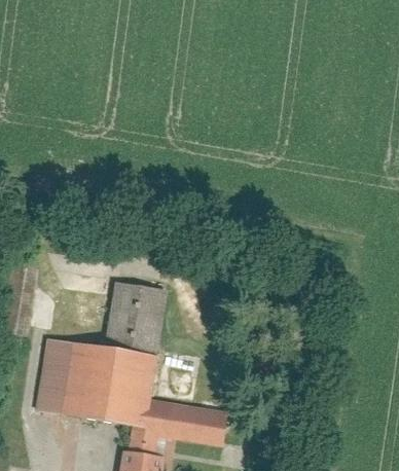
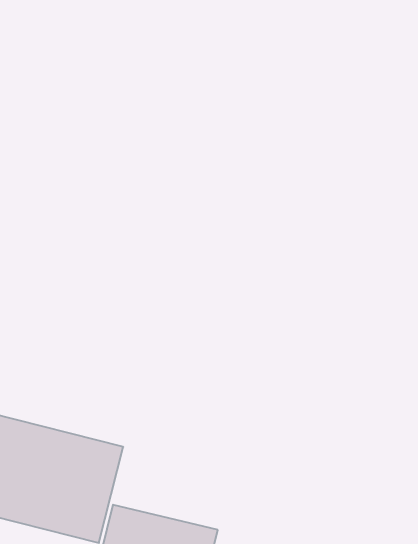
building: [105,282,166,354] -> none

